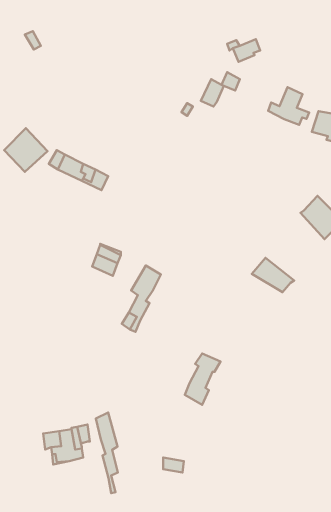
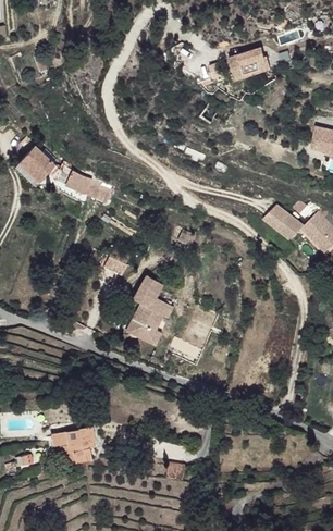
building: [268,87,309,125] -> none
building: [252,258,294,292] -> [259,200,299,233]
building: [185,354,220,405] -> [139,298,173,347]
building: [96,412,118,493] -> none

